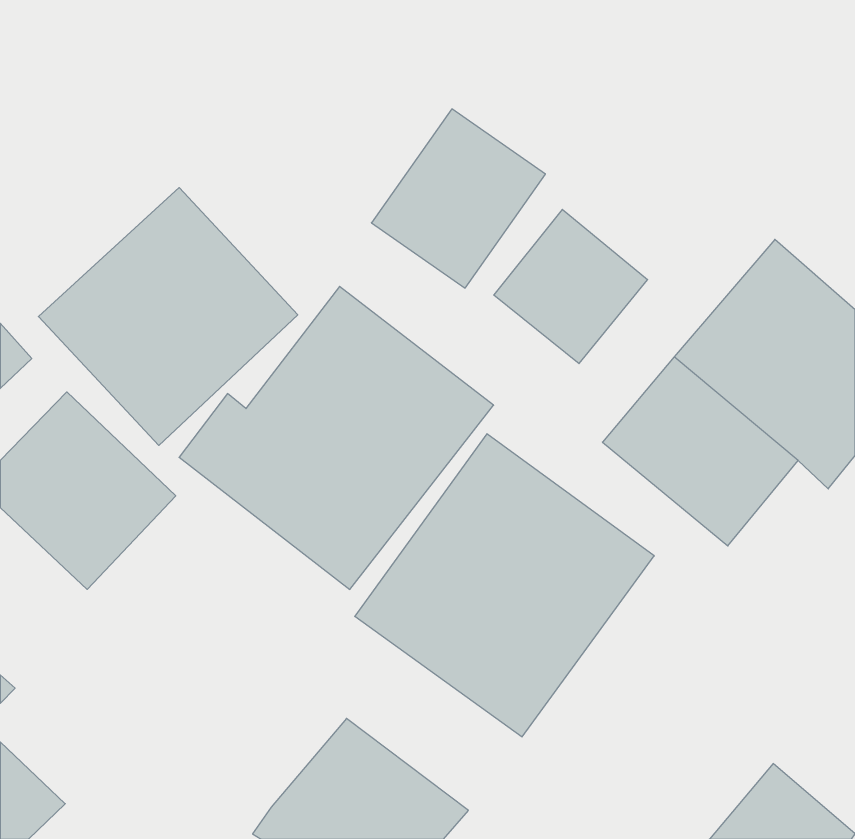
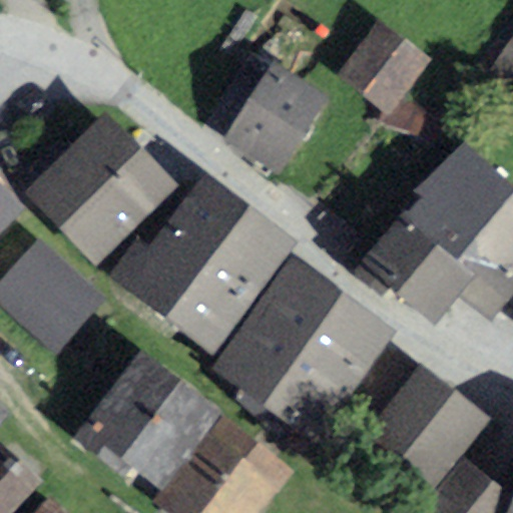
building: [494,209,648,364] -> [340,18,432,110]
building: none -> [70,349,220,483]
building: none -> [373,364,490,479]

